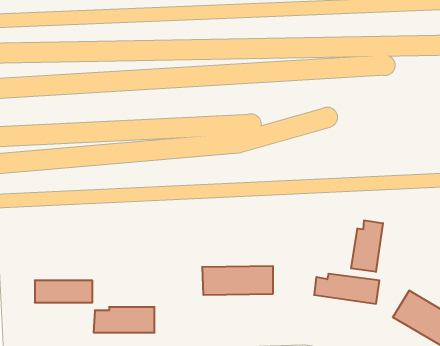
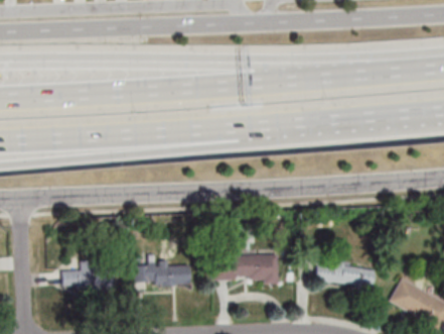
building: [351,220,383,272] -> none
building: [94,307,155,333] -> [135,261,190,285]

